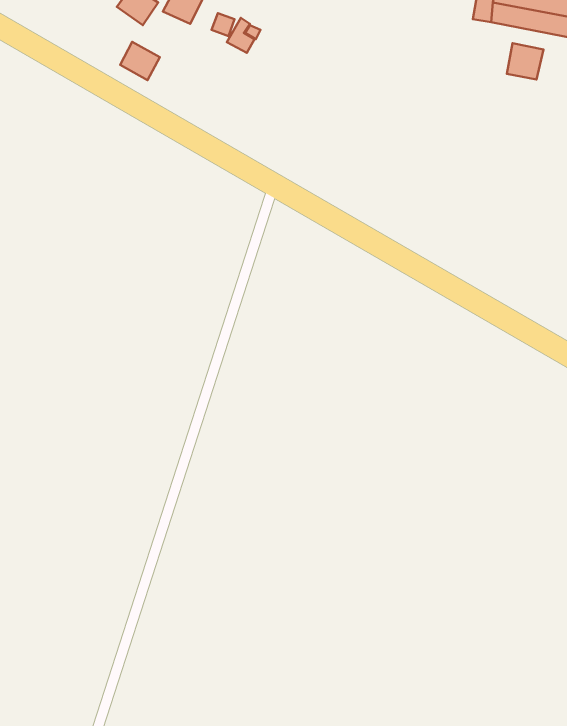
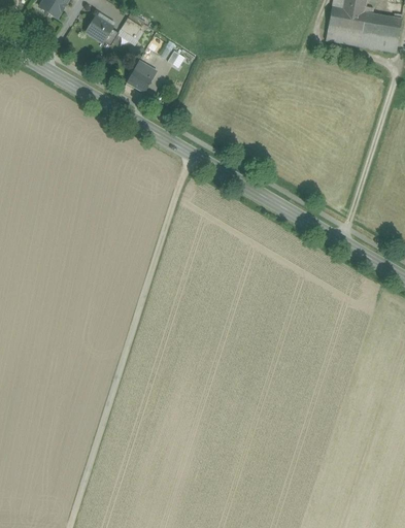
building: [120,42,160,80] -> [128,67,155,93]
building: [507,43,544,79] -> none

